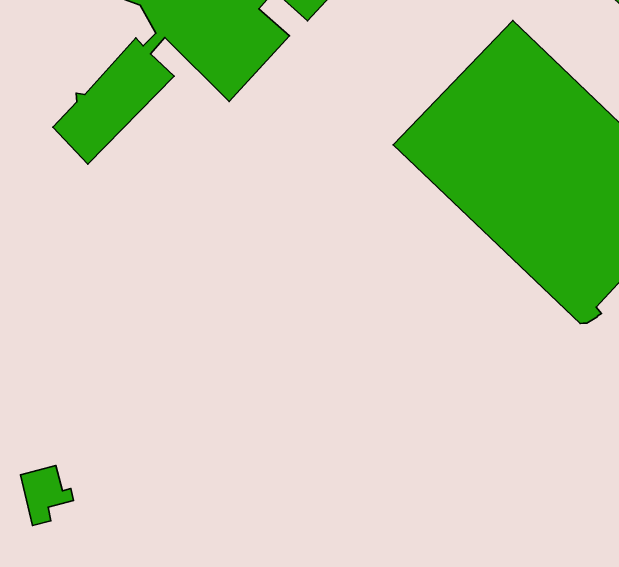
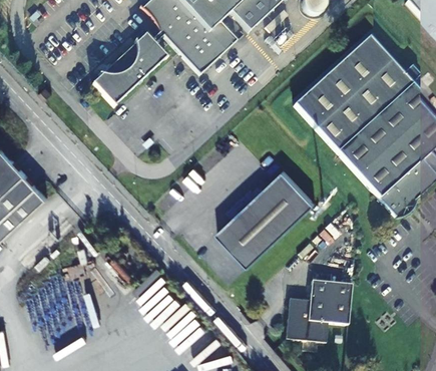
building: none -> [216,170,315,266]
building: none -> [286,282,351,343]

